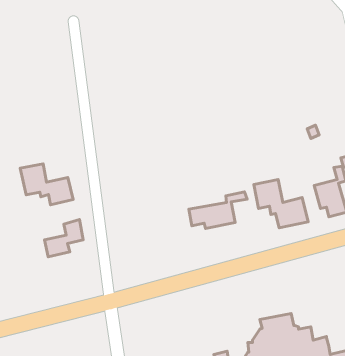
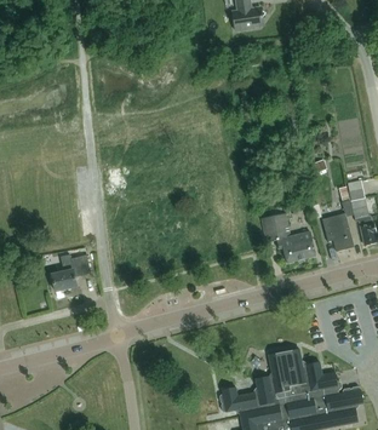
building: [20,164,73,205] -> none
building: [189,192,247,228] -> none

